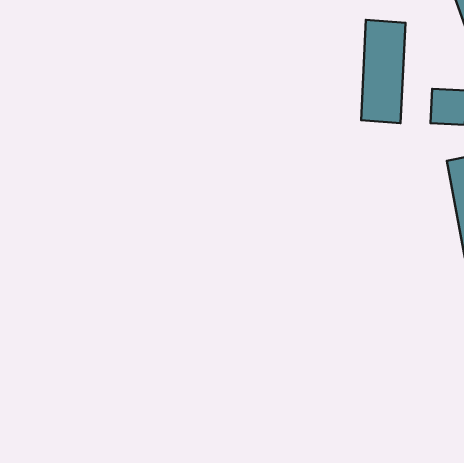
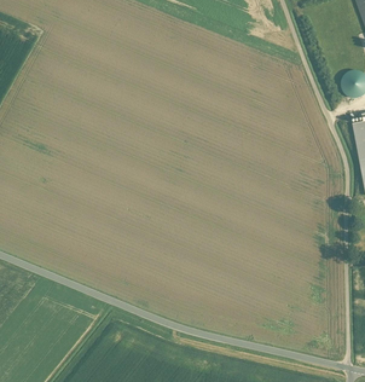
building: [361,20,405,123] -> none

